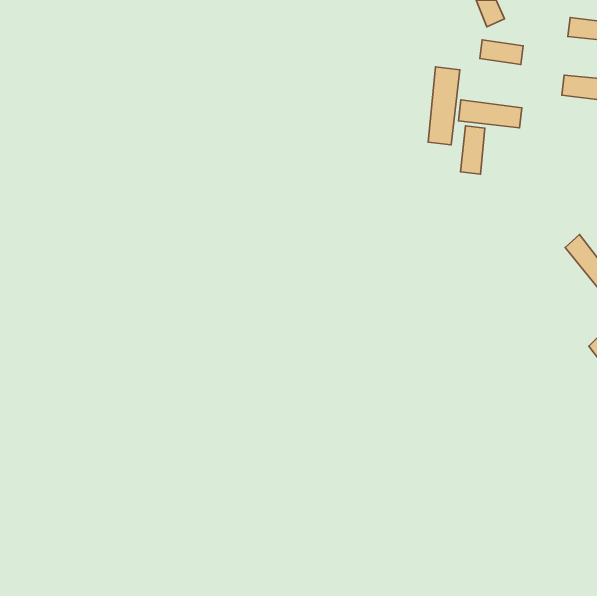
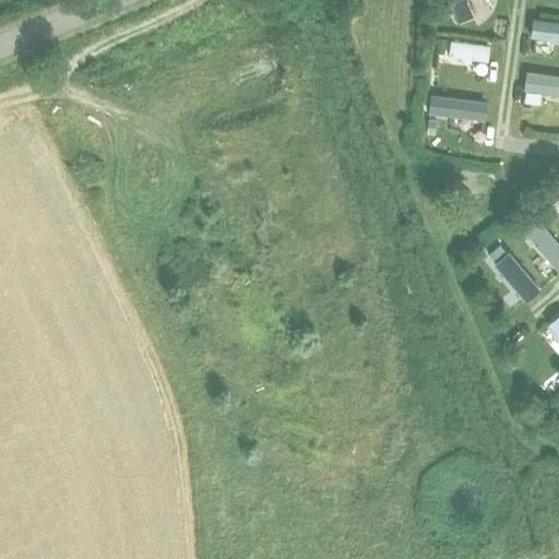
building: [428,67,460,145] -> none
building: [460,126,485,174] -> none
building: none -> [495,253,540,304]

